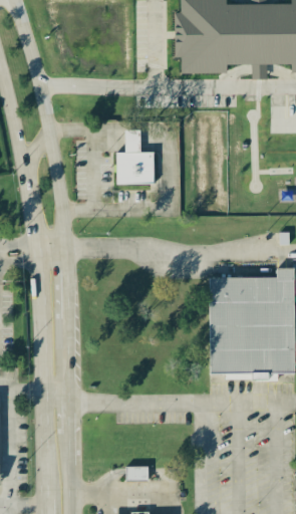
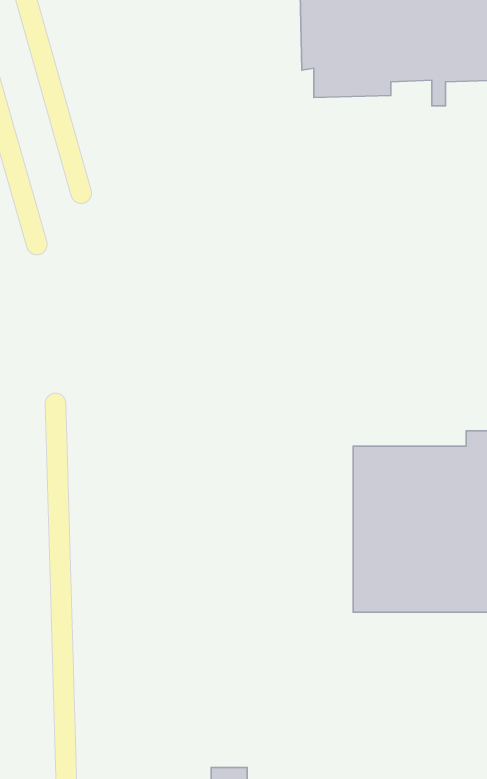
building: [115,128,154,184] -> none

